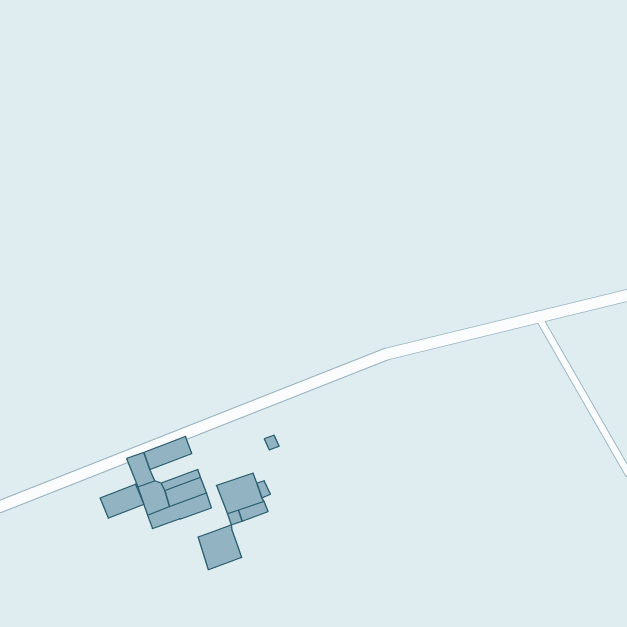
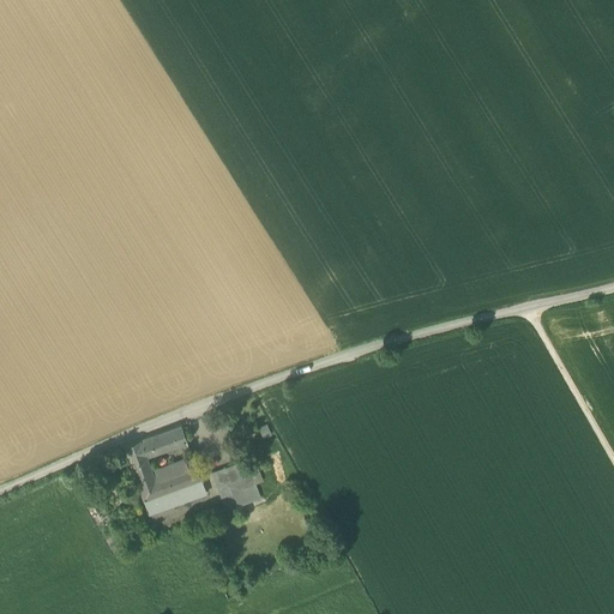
building: [100,484,144,518] -> none
building: [198,525,242,570] -> none

